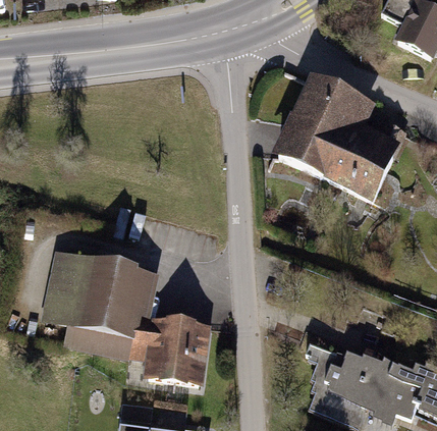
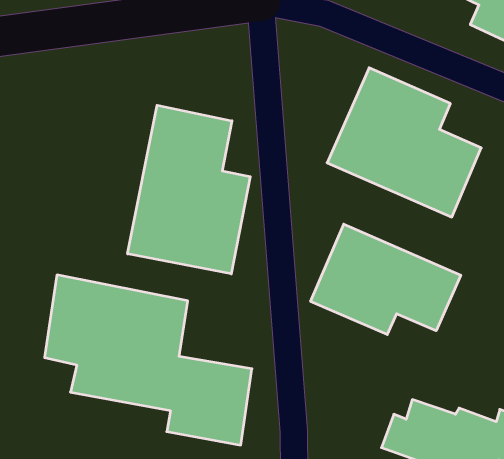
building: none -> [128,105,250,274]
building: none -> [311,224,461,335]

